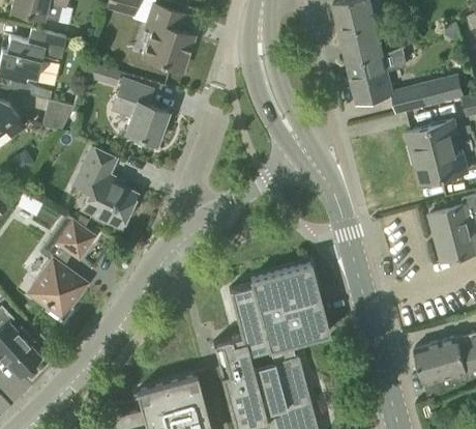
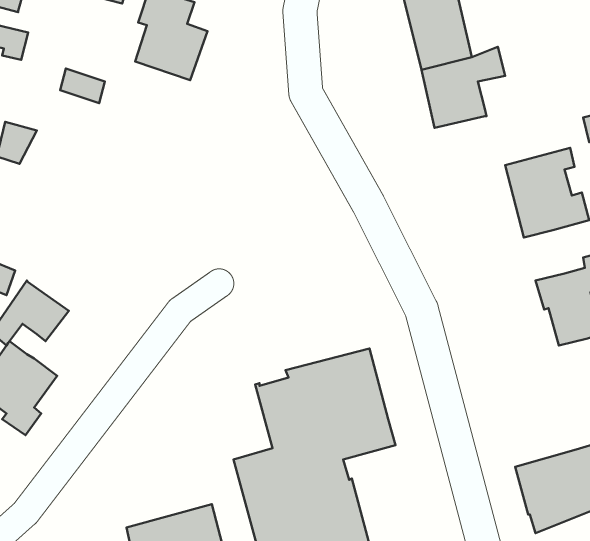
building: [393,77,464,113] -> none
building: [112,80,169,144] -> none
building: [78,149,136,227] -> none

